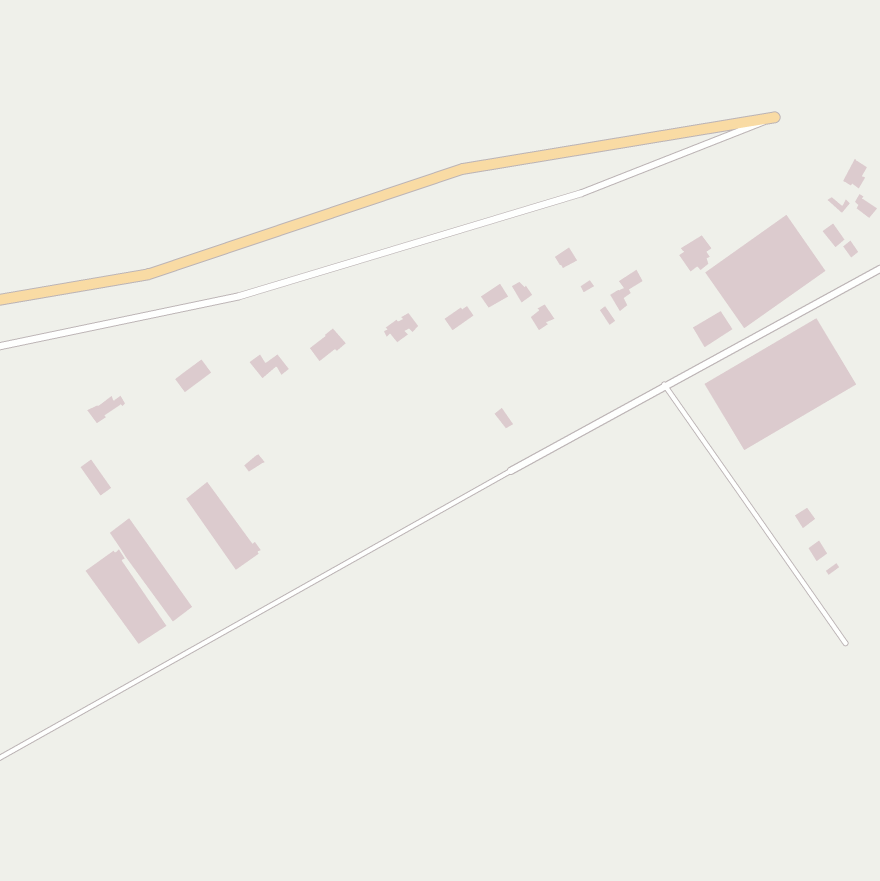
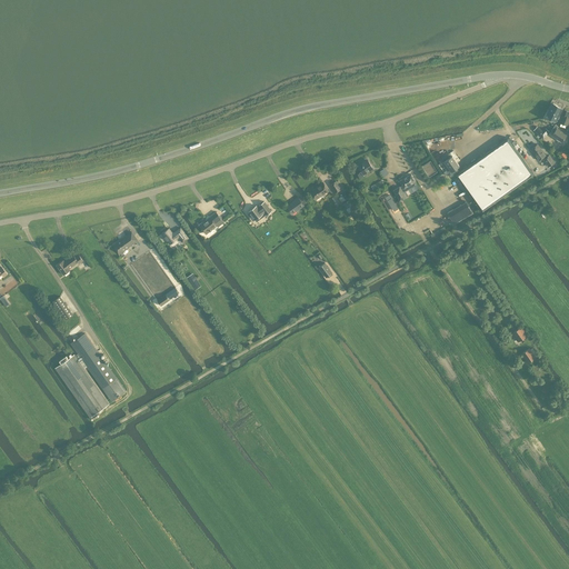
building: [704,317,857,451] -> none
building: [185,481,262,571] -> none

